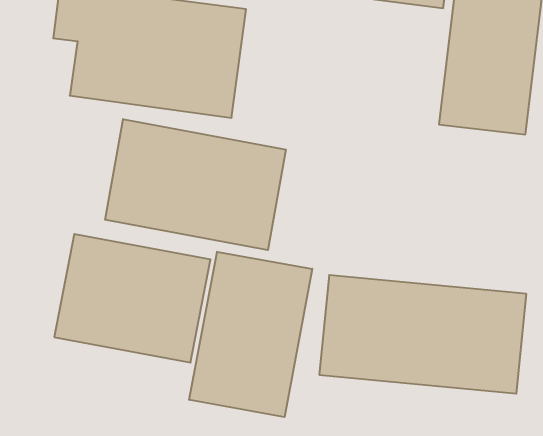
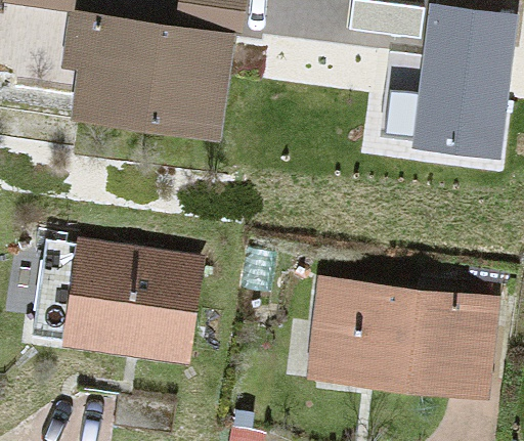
building: [105,119,286,250] -> none
building: [189,252,312,417] -> none

